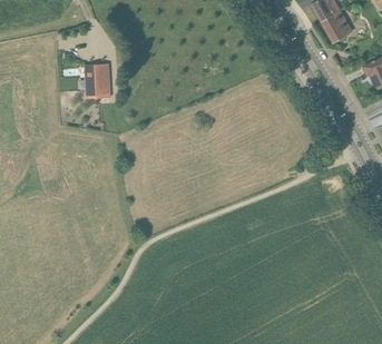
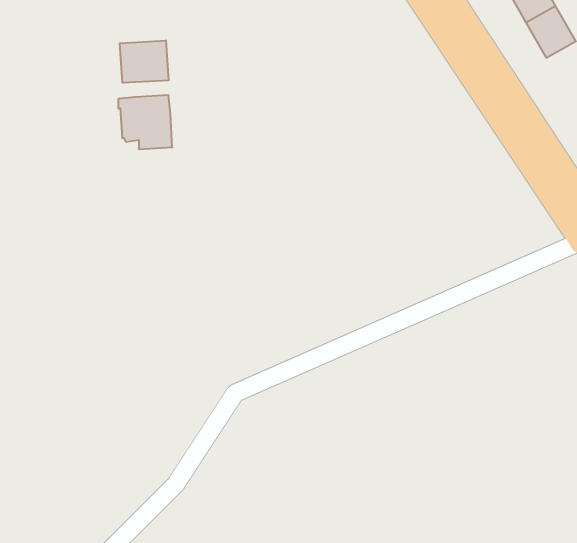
building: none -> [120,40,169,83]

